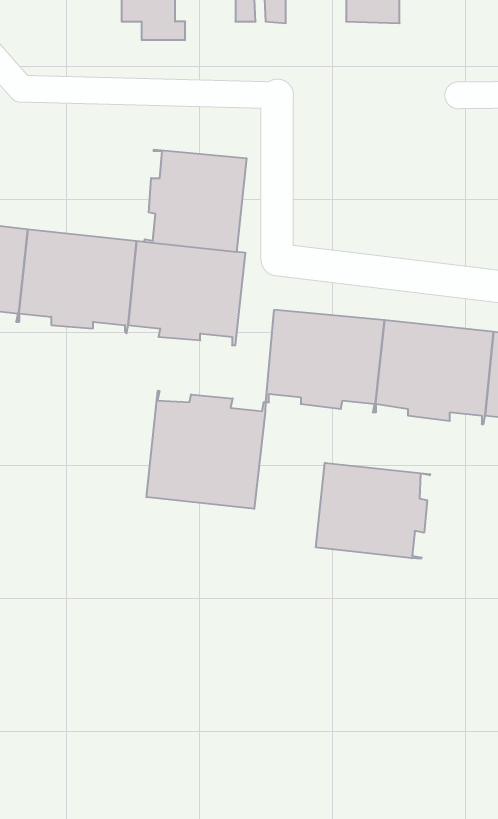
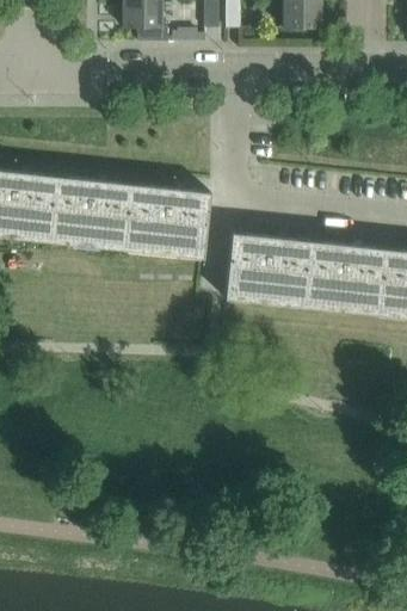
building: [144,150,247,252] -> none
building: [147,391,266,509] -> none
building: [316,463,430,559] -> none

